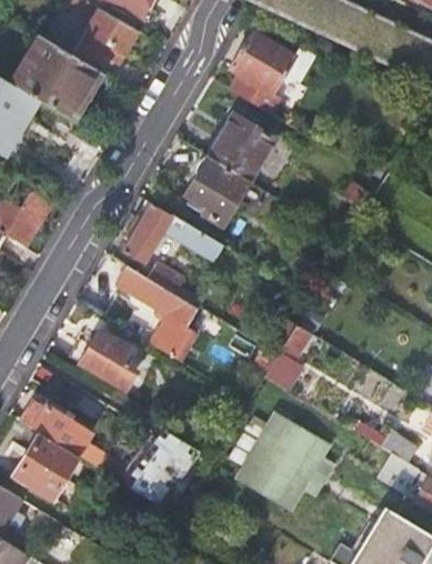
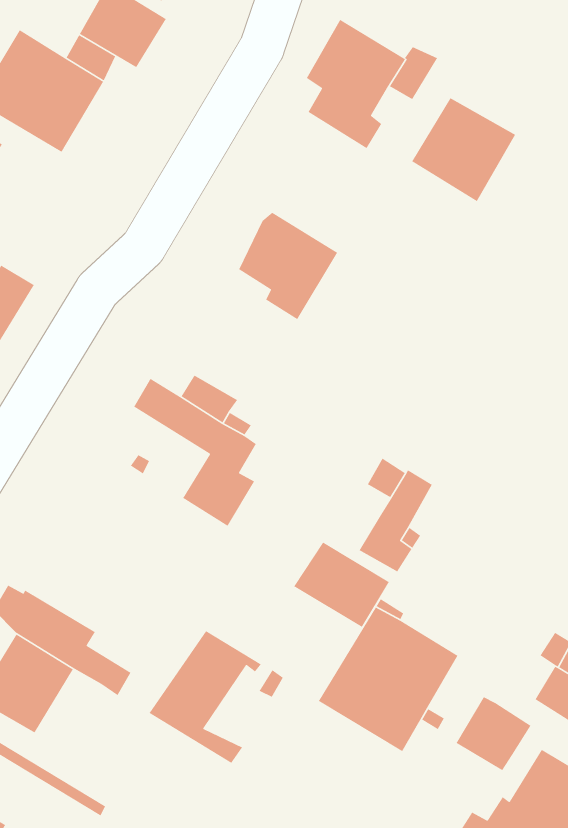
building: [207,114,275,183] -> [411,97,516,202]
building: [122,201,220,264] -> none
building: [69,330,134,390] -> none
building: none -> [293,541,390,628]
building: none -> [455,696,532,771]

